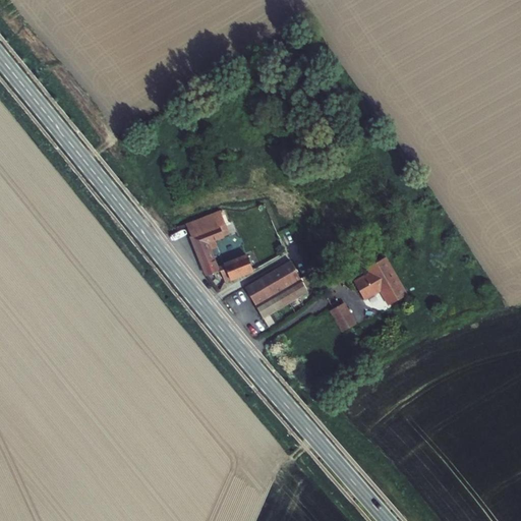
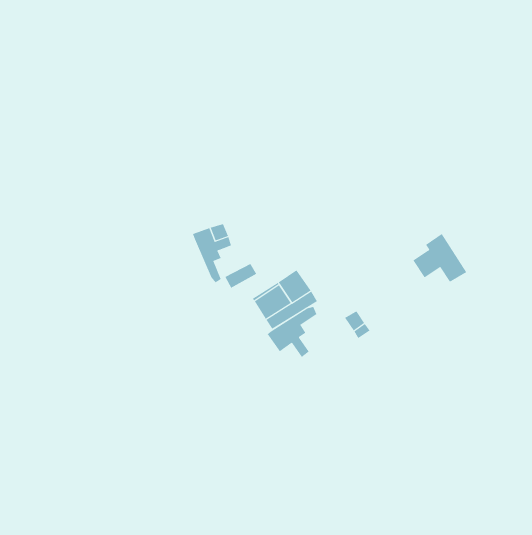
building: [355,252,408,300] -> [413,233,467,283]
building: none -> [267,306,317,358]

